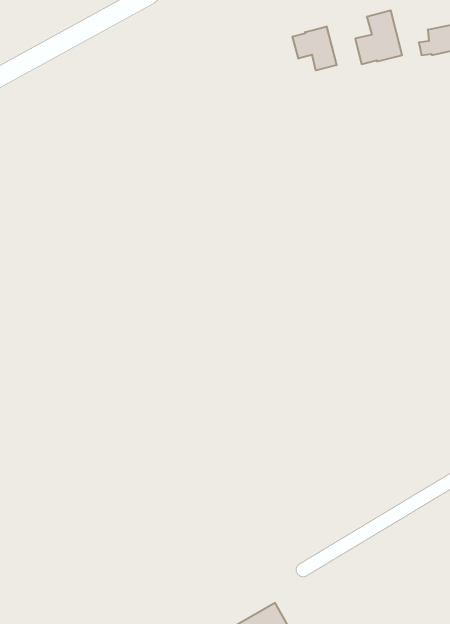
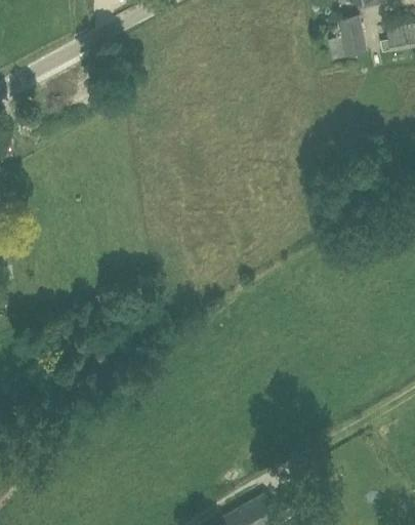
building: [293,26,337,70] -> none

